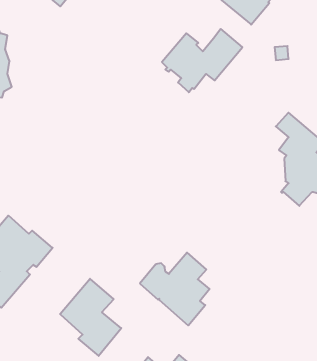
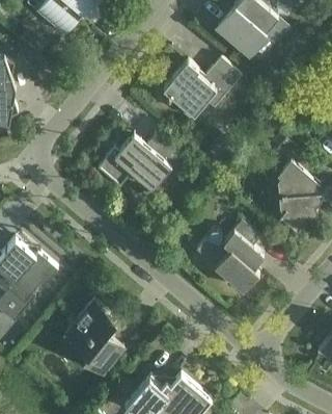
building: none -> [96,135,179,190]
building: [140,253,210,325] -> [195,222,262,292]

